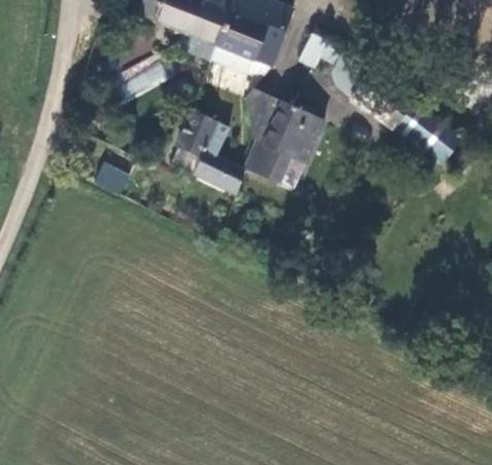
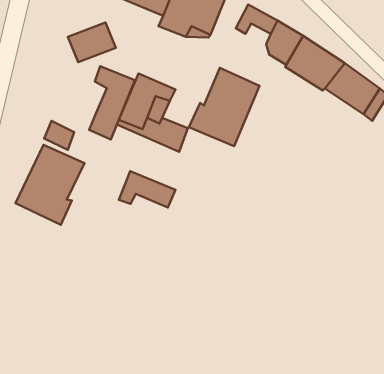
building: [246,90,280,144] -> none
building: none -> [89,66,135,139]
building: none -> [16,145,84,225]
building: none -> [119,171,176,207]

